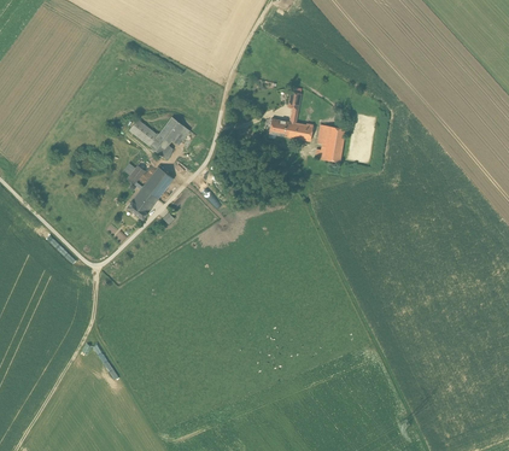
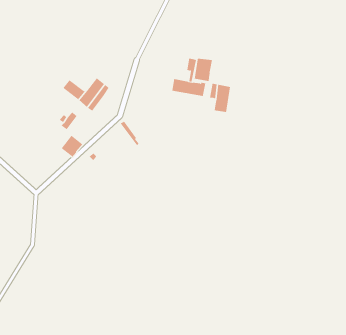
building: none -> [194,58,213,82]
building: [139,165,172,201] -> none

